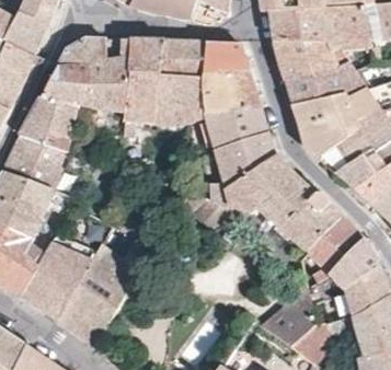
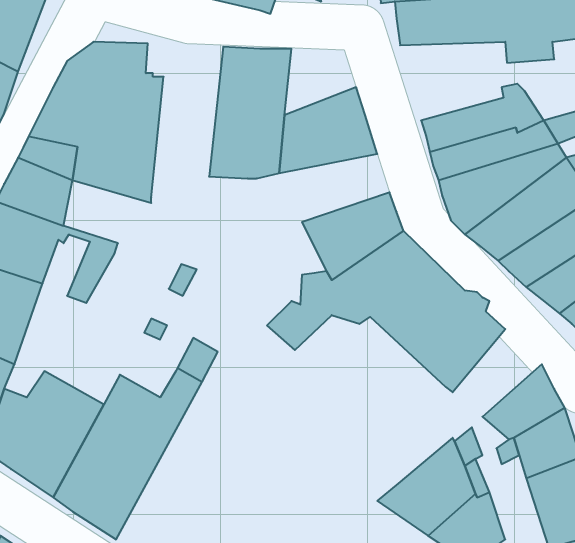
building: [275,35,348,84] -> none
building: [119,36,164,132] -> none
building: [203,39,248,81] -> none
building: [199,105,268,148] -> none
building: [308,215,364,269] -> none

